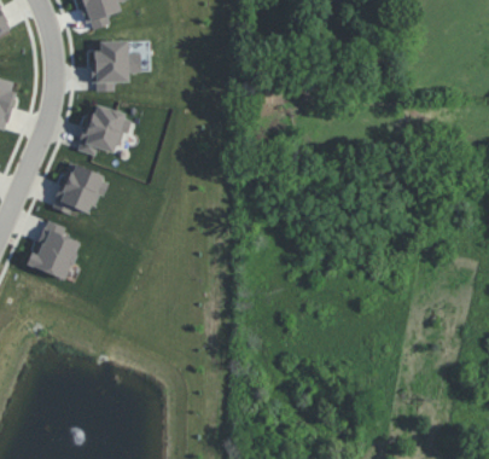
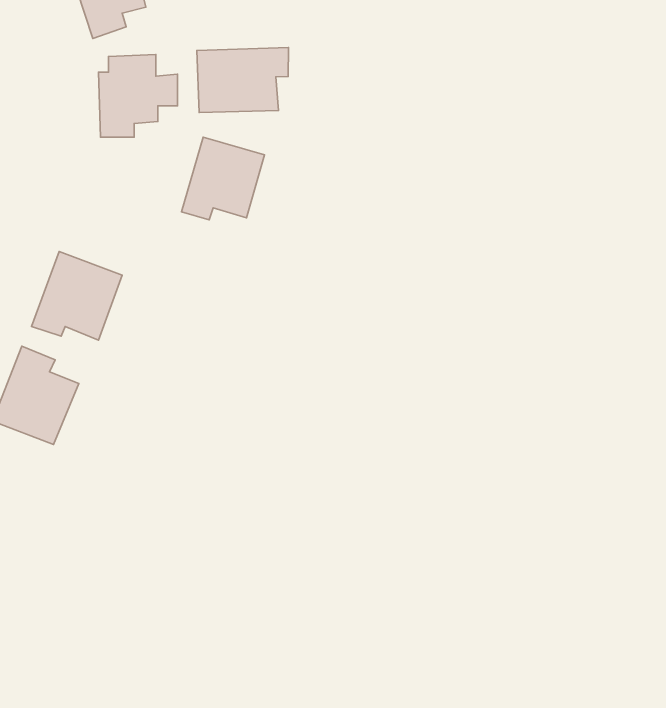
building: none -> [197,48,288,112]
building: [77,104,128,155] -> [182,137,264,220]

